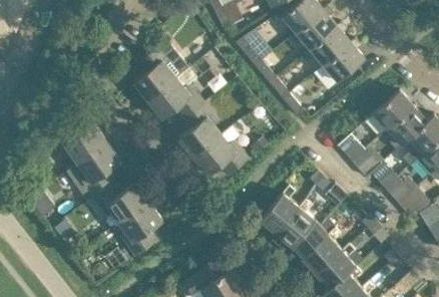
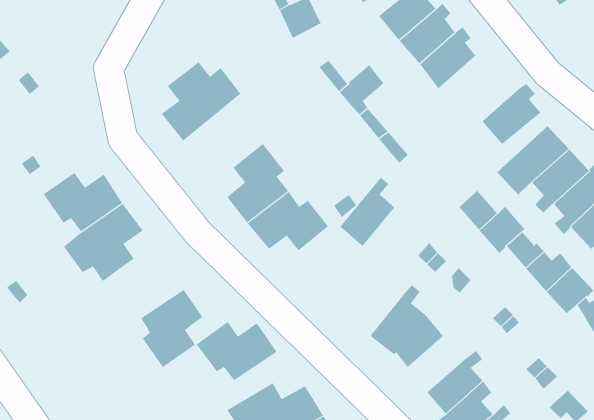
building: [324,39,365,81] -> [481,83,541,145]
building: [148,69,203,119] -> none
building: [93,182,149,223] -> [196,321,278,381]
building: [261,187,299,235] -> [340,177,395,247]
building: [302,229,342,274] -> none

